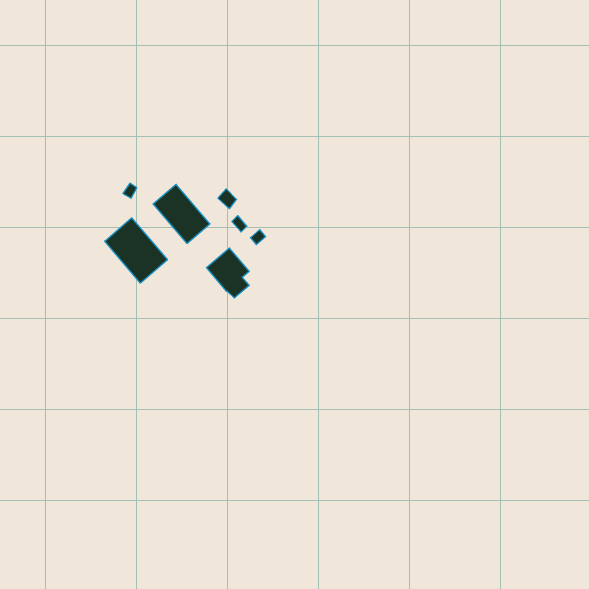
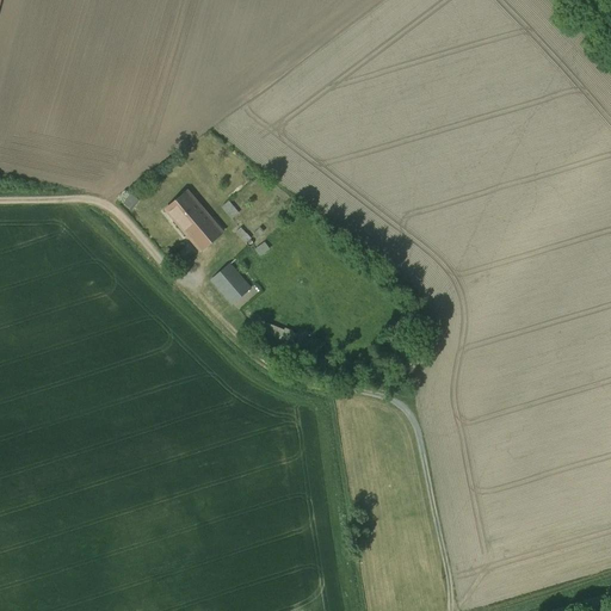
building: [105,218,167,283] -> none

